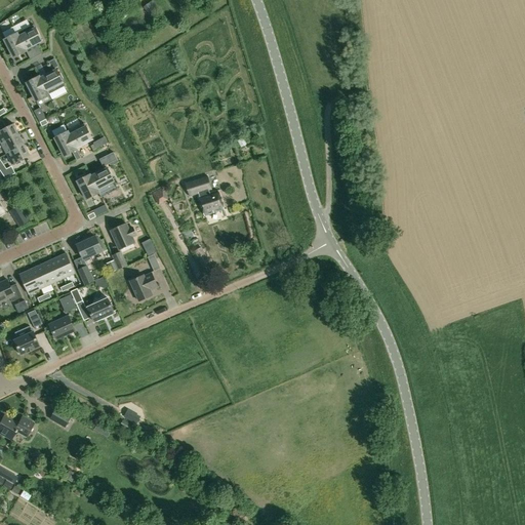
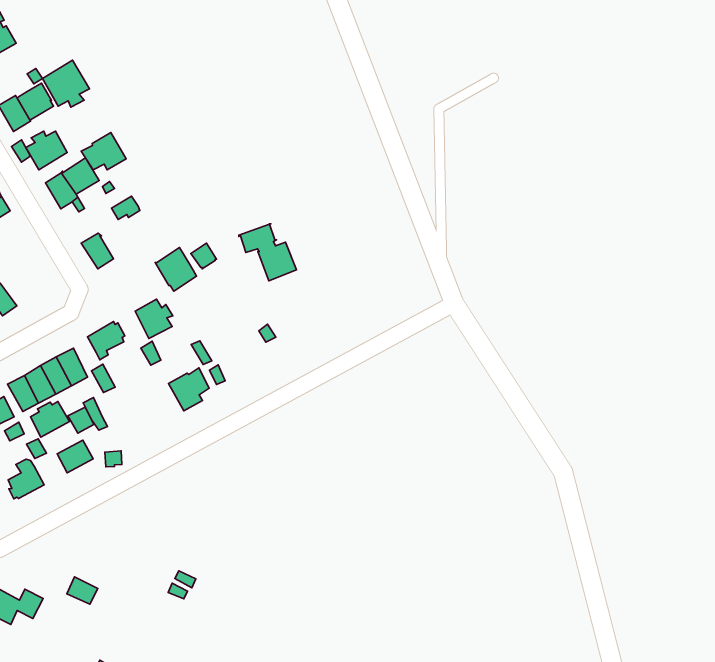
building: none -> [43,60,89,107]
building: none -> [26,131,67,170]
building: none -> [81,132,126,170]
building: [89,167,117,197] -> [155,247,197,291]
building: [87,297,114,321] -> [30,401,70,437]

